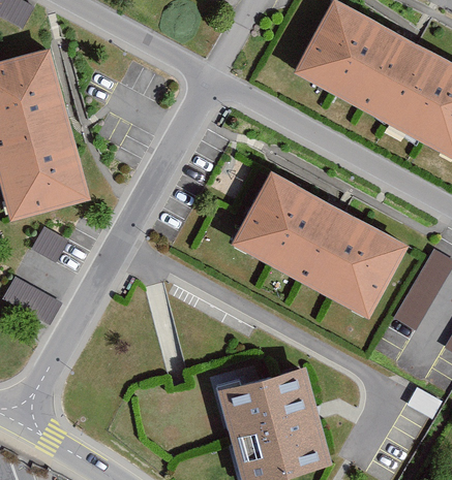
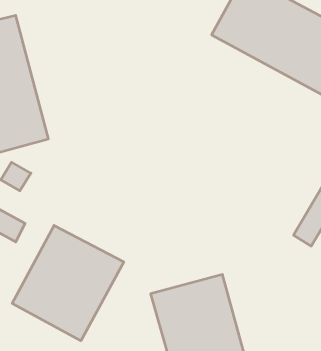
building: [229,170,408,319] -> none
building: none -> [12,225,124,341]

